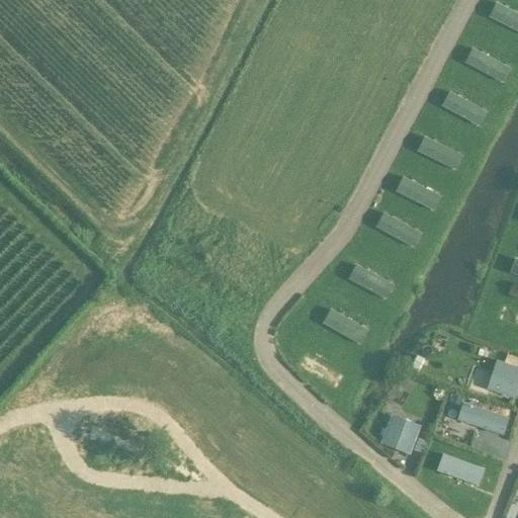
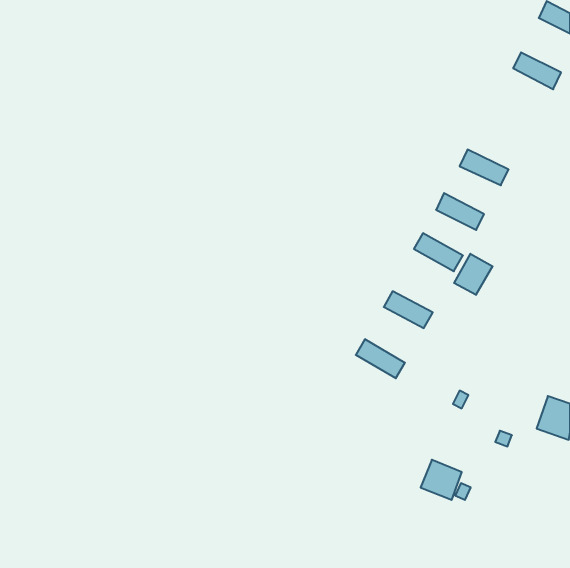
building: [442,90,486,124] -> none
building: none -> [454,254,493,295]
building: [457,402,510,435] -> none
building: [438,453,484,485] -> none

